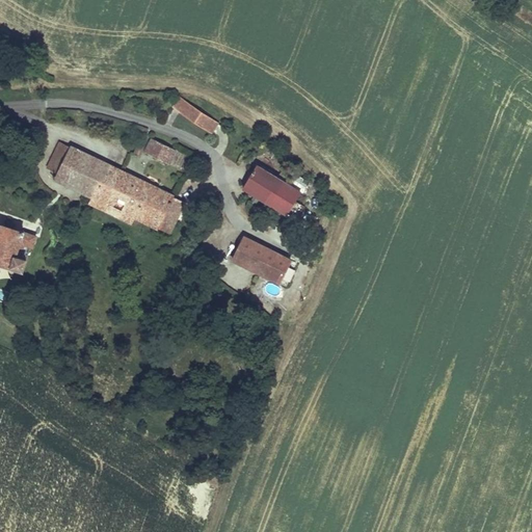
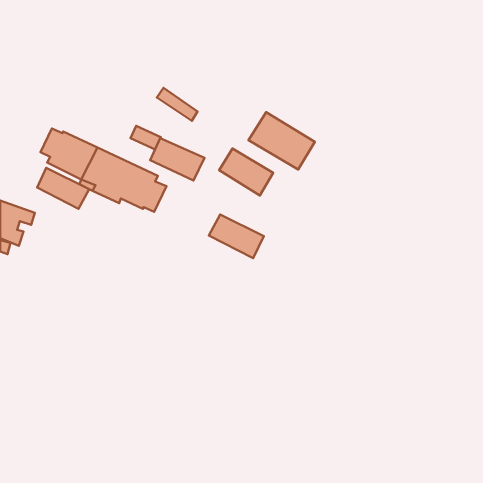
building: none -> [248,112,315,170]
building: none -> [150,138,205,181]
building: none -> [37,168,89,209]

